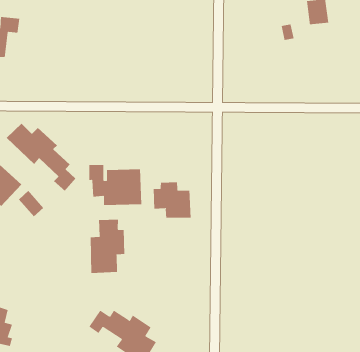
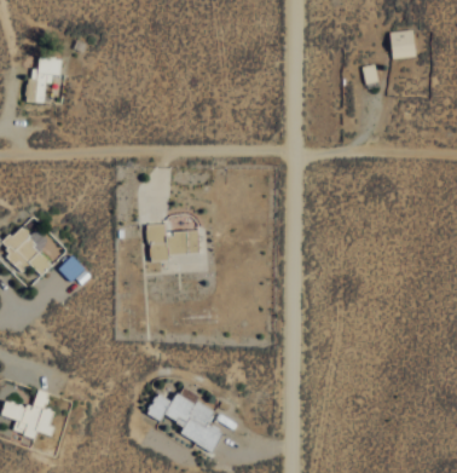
building: [6,123,76,191] -> none
building: [153,182,191,218] -> none
building: [90,219,125,274] -> none

